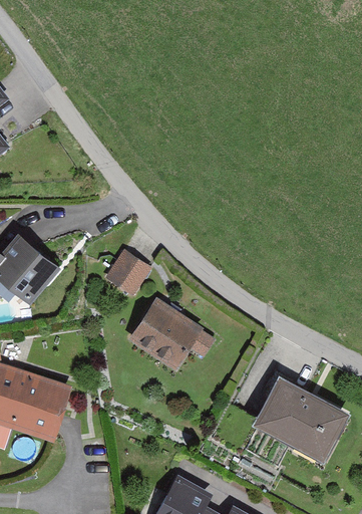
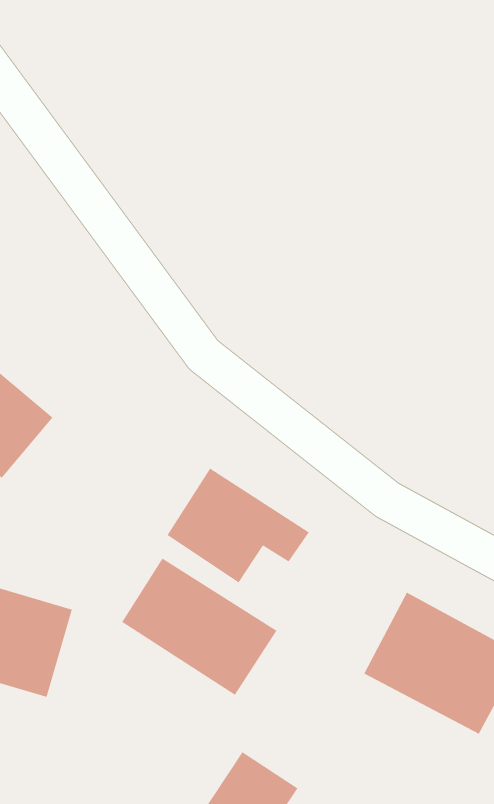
building: [105,248,154,297] -> none
building: none -> [121,557,277,696]

